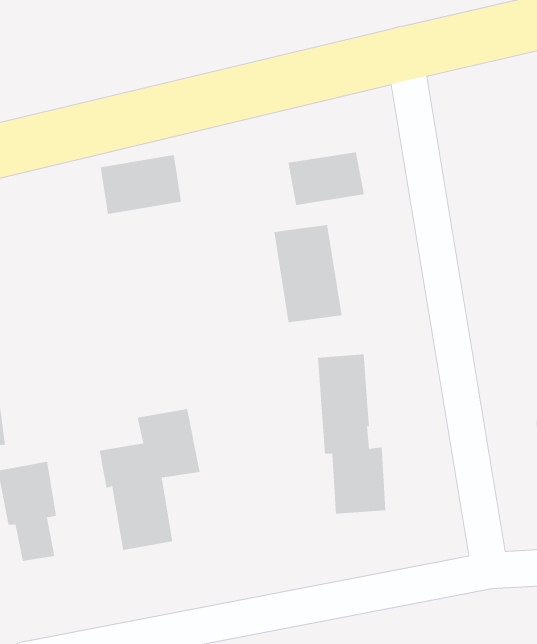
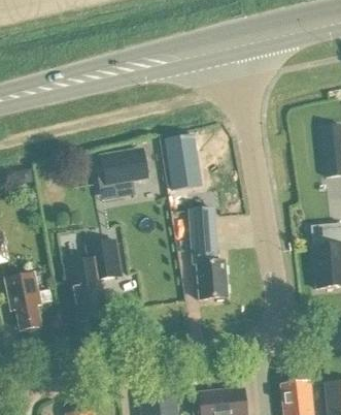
building: [288,151,364,206] -> none
building: [100,155,182,215] -> [100,152,146,186]

